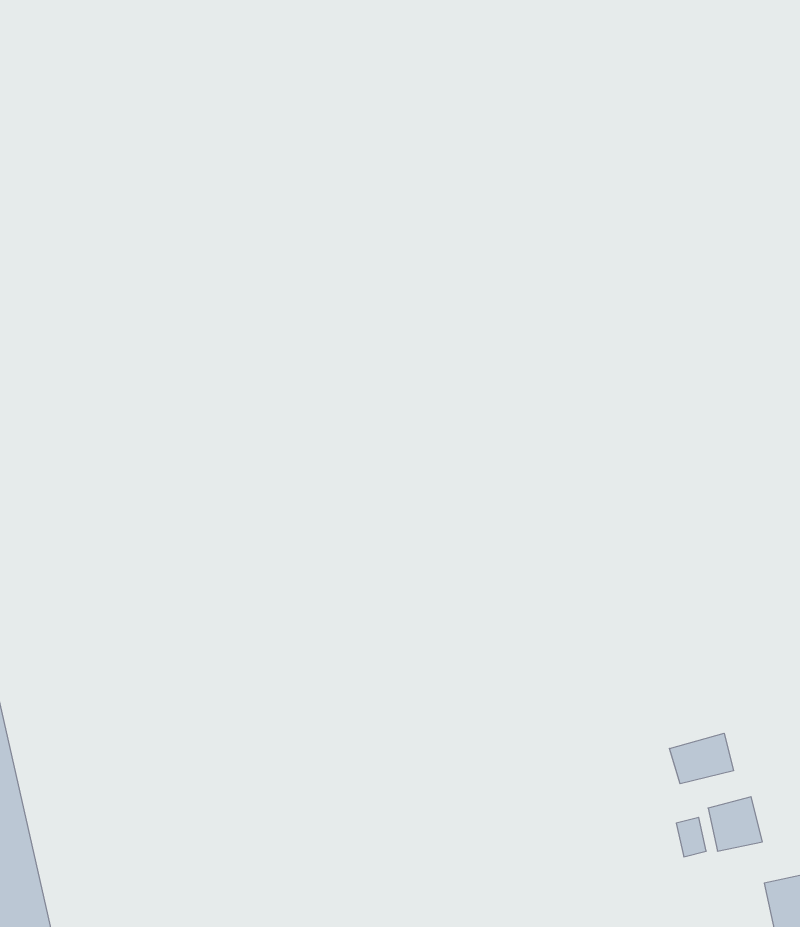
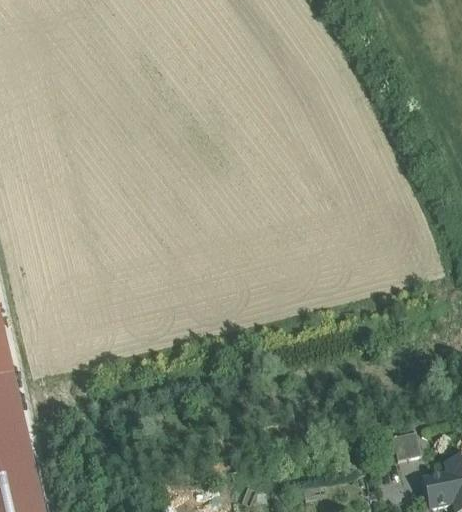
building: [669,733,733,784] -> none

